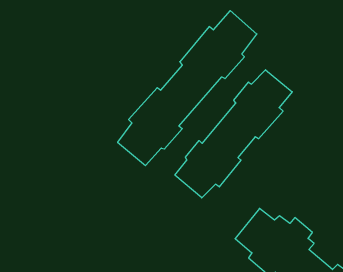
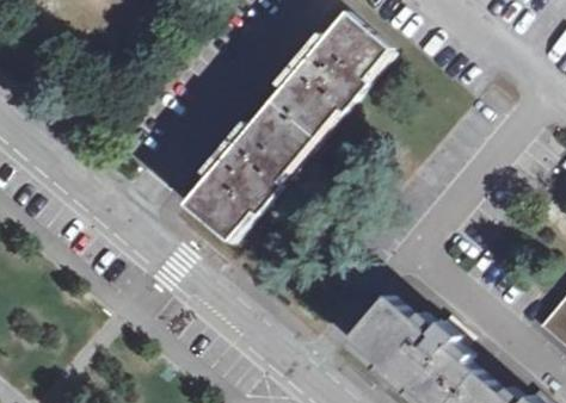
building: [175,70,292,198] -> none

